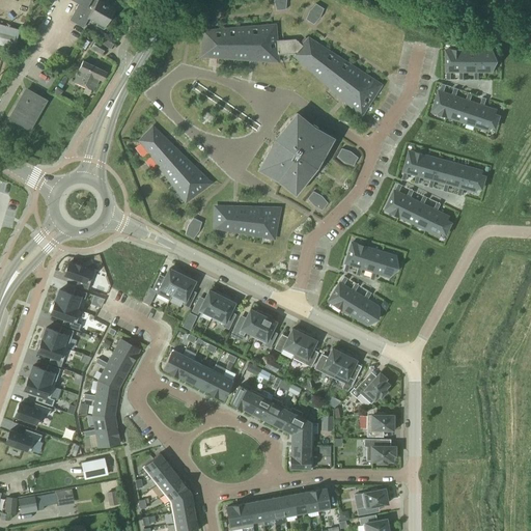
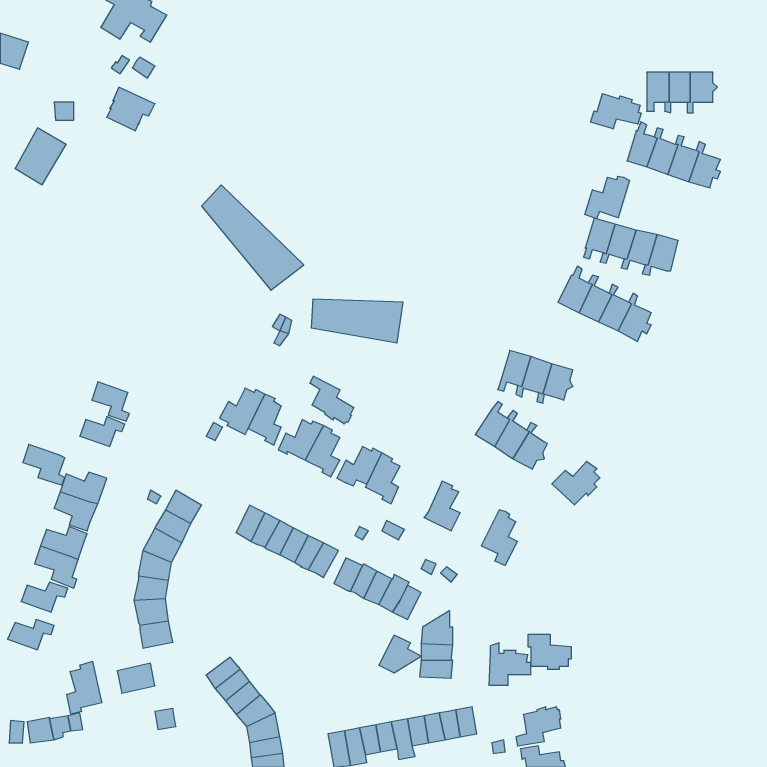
building: [203,25,381,113] -> none
building: none -> [591,94,641,129]
building: [262,115,332,192] -> none
building: none -> [585,176,629,219]
building: [459,166,484,194] -> none
building: none -> [310,376,354,424]
building: [52,301,81,329] -> [23,444,65,485]
building: [275,328,306,353] -> none
building: [314,347,345,376] -> none
building: [356,372,389,402] -> [552,461,600,505]
building: [282,407,311,432] -> [379,635,421,673]
building: [367,407,396,436] -> [489,643,531,685]
building: none -> [67,661,102,714]

